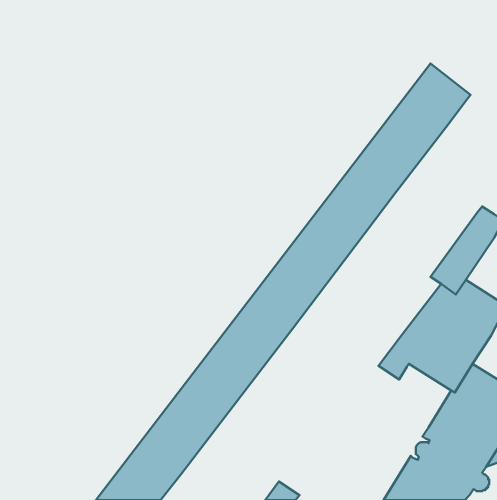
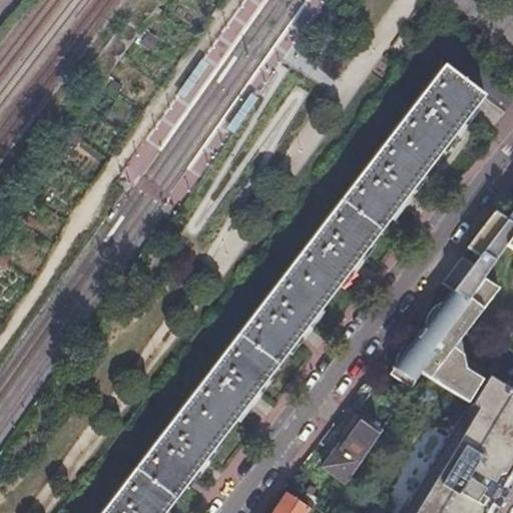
building: none -> [322,411,382,486]

